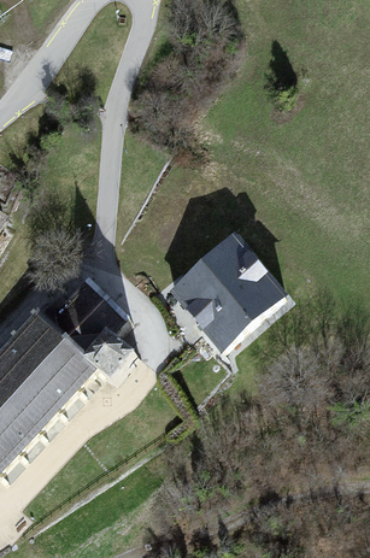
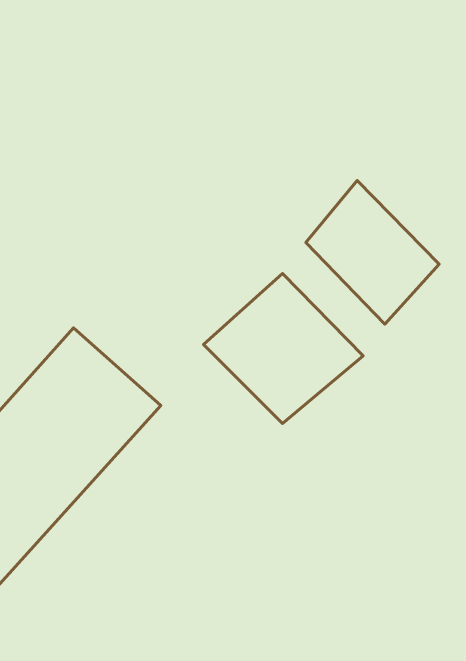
building: none -> [306,180,439,324]

